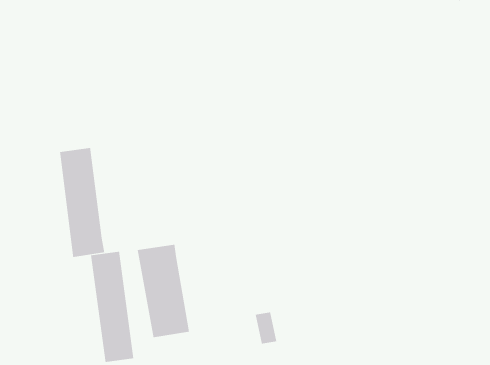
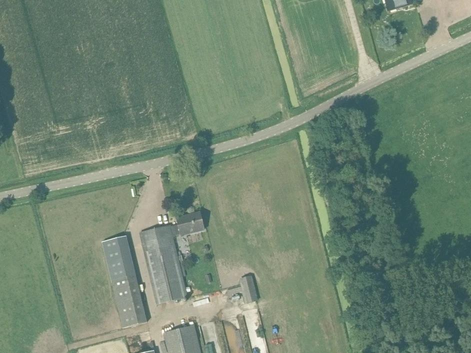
building: [60,147,105,258] -> none
building: none -> [171,212,205,235]

